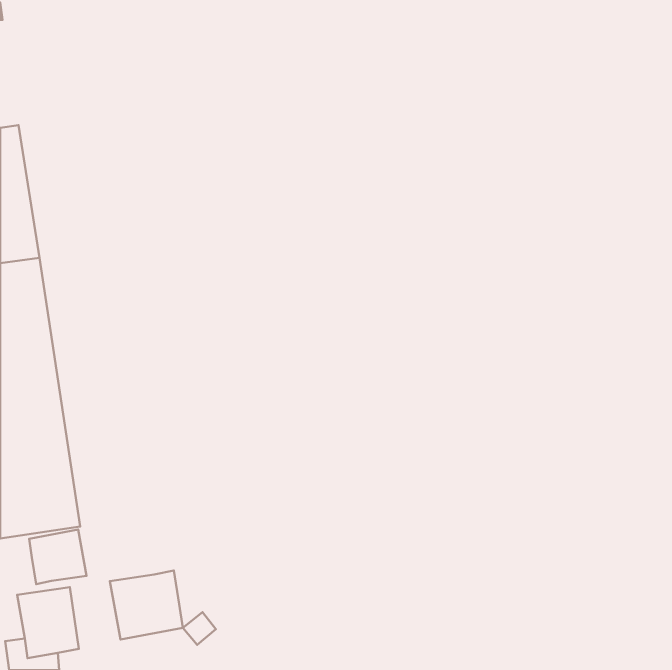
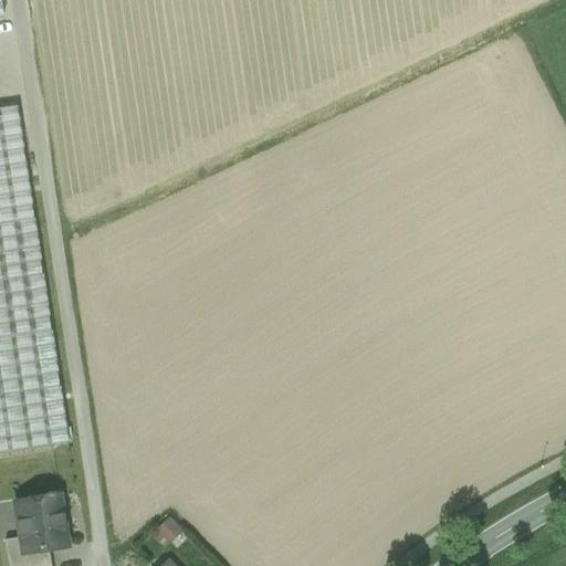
building: [29,530,86,584] -> none
building: [110,570,183,640] -> none

